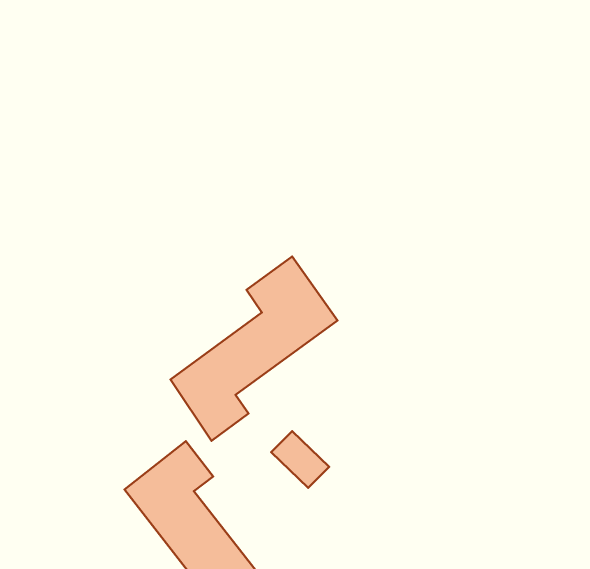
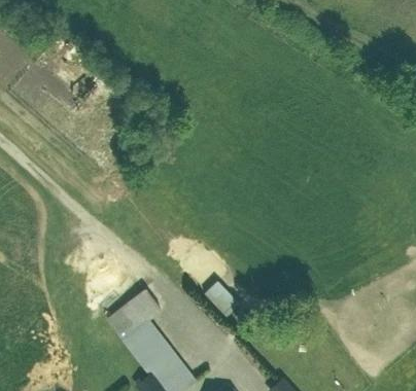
building: [170,256,337,441] -> none

